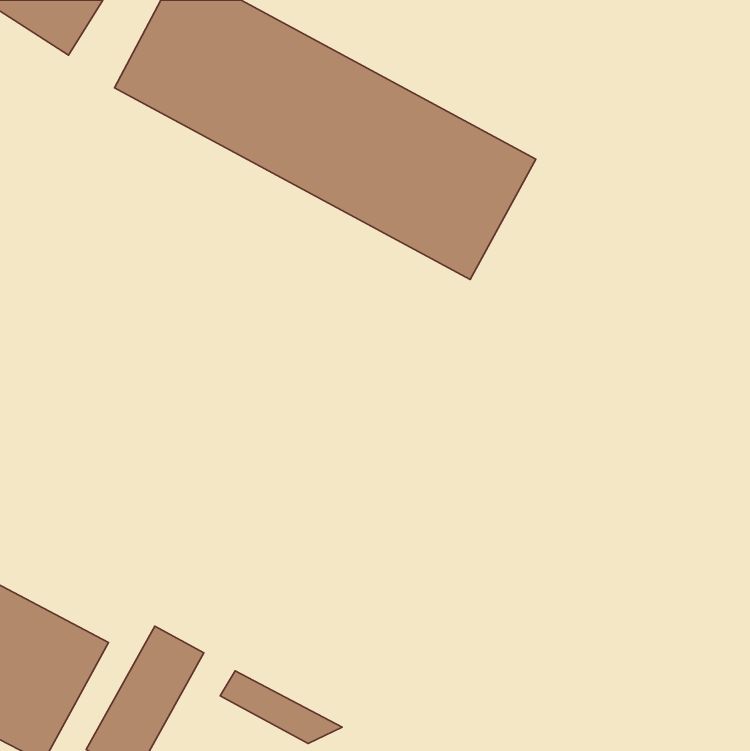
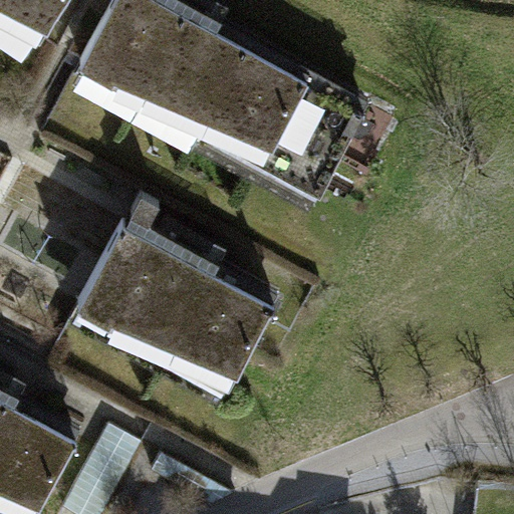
building: none -> [72,225,271,393]

